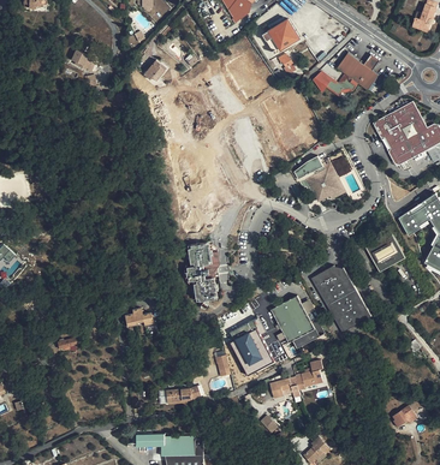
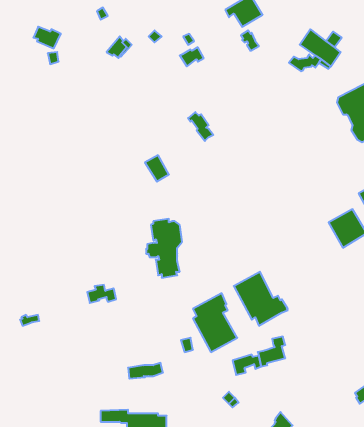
building: [295,151,350,201] -> none
building: [310,266,370,333] -> none

